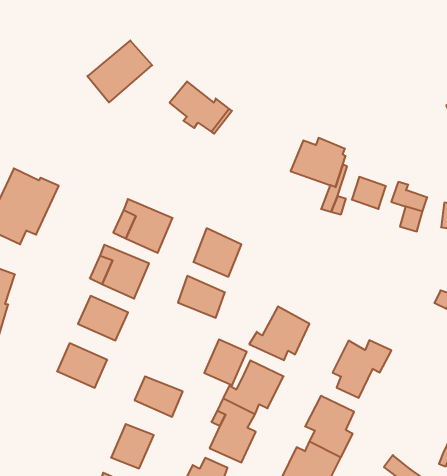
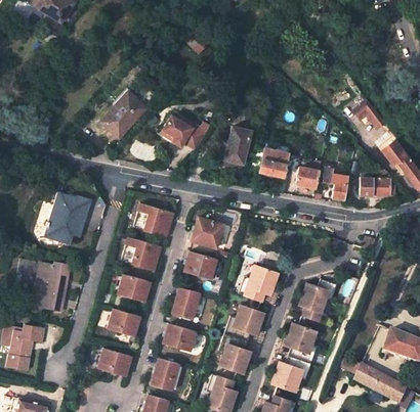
building: none -> [224,127,250,165]
building: [204,339,247,385] -> [172,288,200,319]
building: none -> [97,348,132,377]

